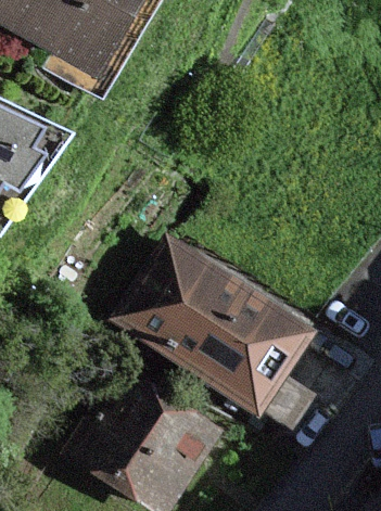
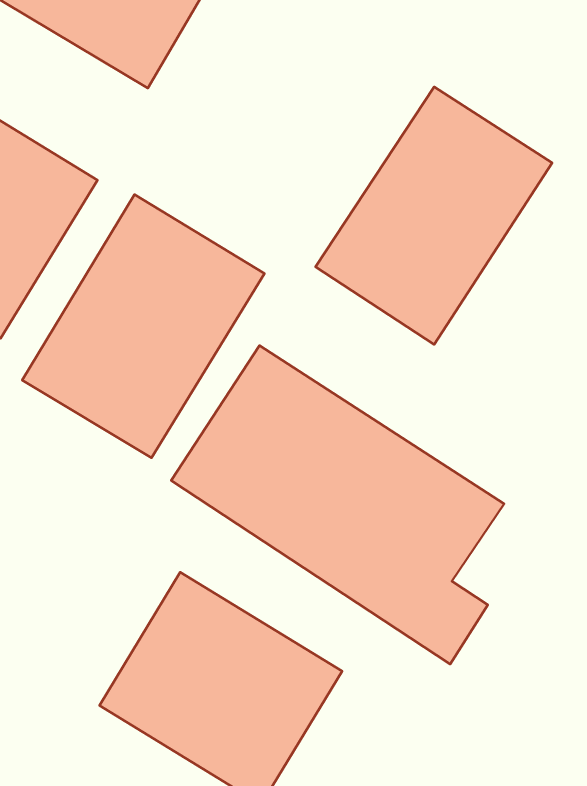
building: none -> [315,87,552,344]
building: none -> [22,194,265,458]

